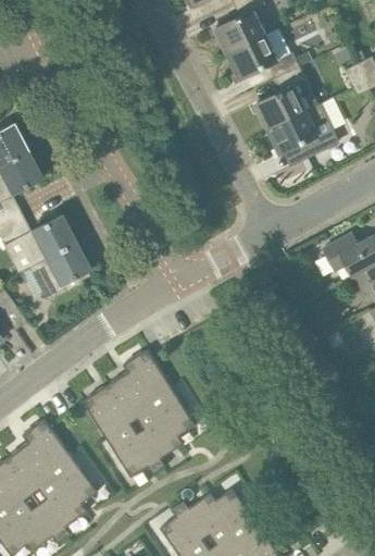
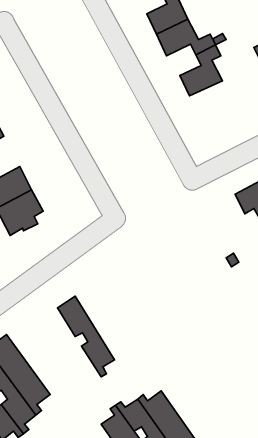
building: [268,103,339,157] -> none
building: [124,349,198,449] -> none
building: [84,386,161,478] -> none

